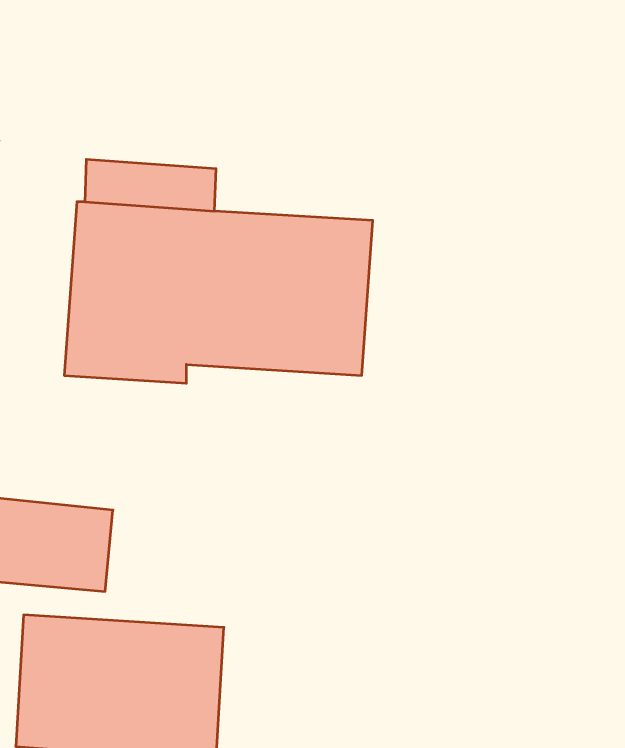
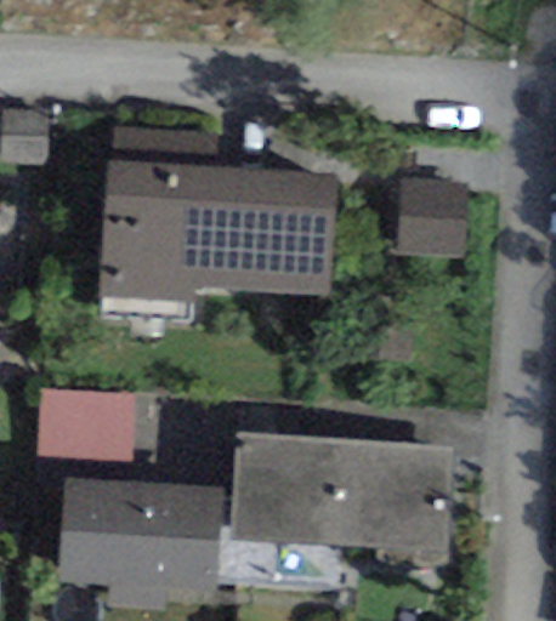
building: none -> [397,180,466,257]
building: none -> [228,433,447,554]

